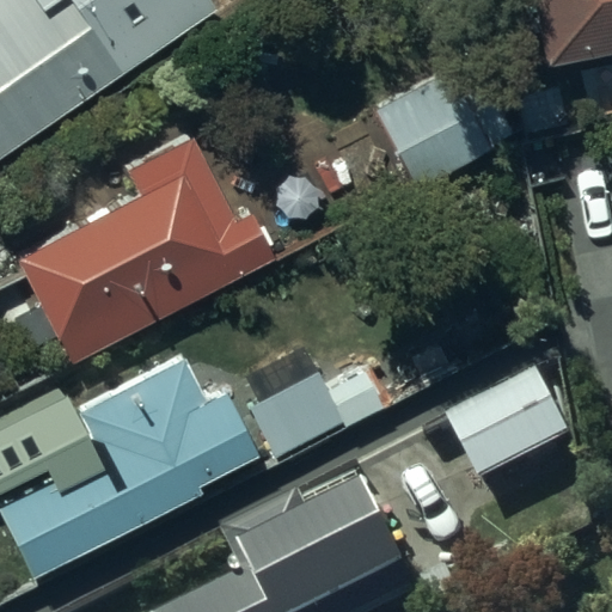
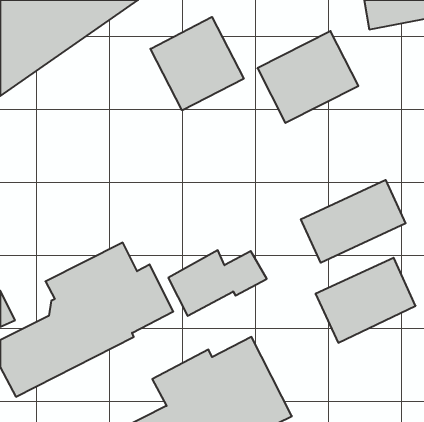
building: none -> [150,17,244,110]
building: [14,140,277,365] -> none
building: none -> [301,180,406,263]

